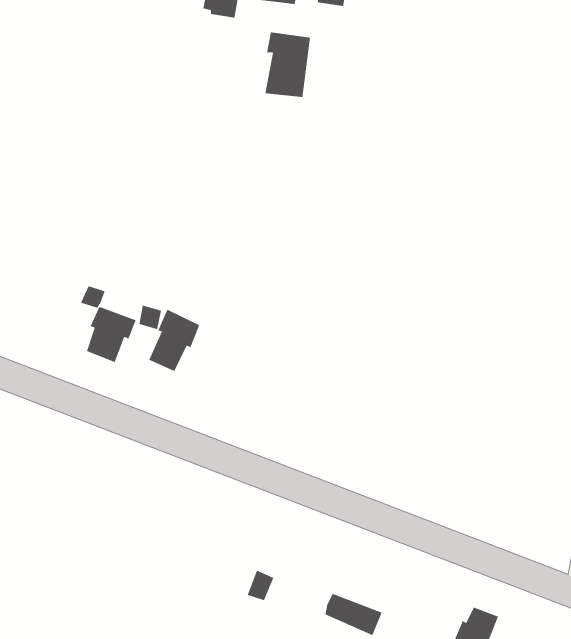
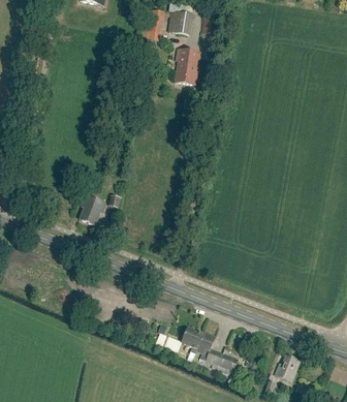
building: [148,309,201,372] -> none
building: none -> [182,327,216,354]

